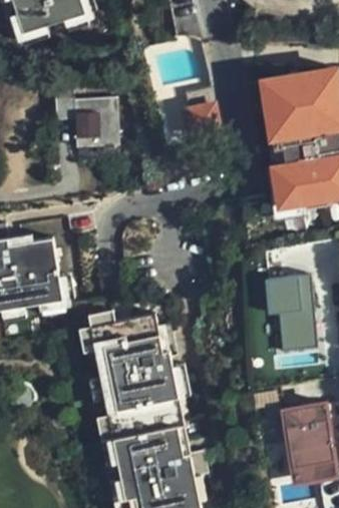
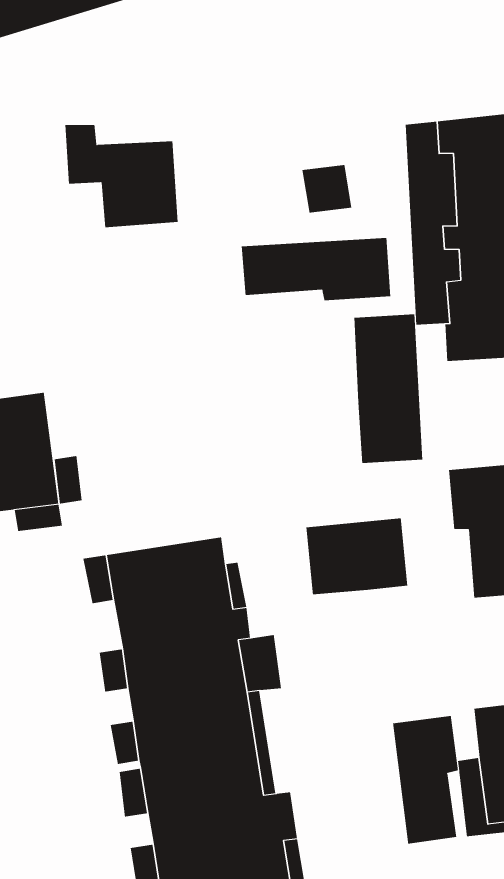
building: none -> [241,237,391,301]
building: none -> [354,314,423,464]
building: none -> [306,517,408,595]
building: none -> [393,715,458,845]

